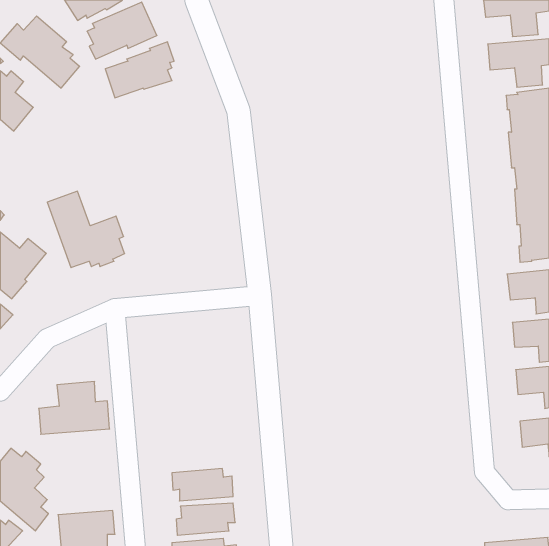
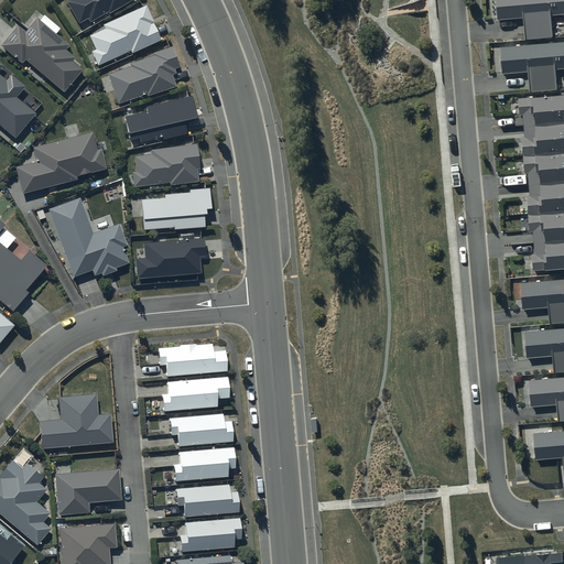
building: none -> [124,96,196,142]
building: none -> [17,131,106,193]
building: none -> [132,144,199,187]
building: none -> [141,187,212,229]
building: none -> [137,239,205,278]
building: none -> [159,344,227,377]
building: none -> [162,377,228,411]
building: none -> [170,413,232,446]
building: none -> [174,448,235,480]
building: none -> [54,469,120,517]

